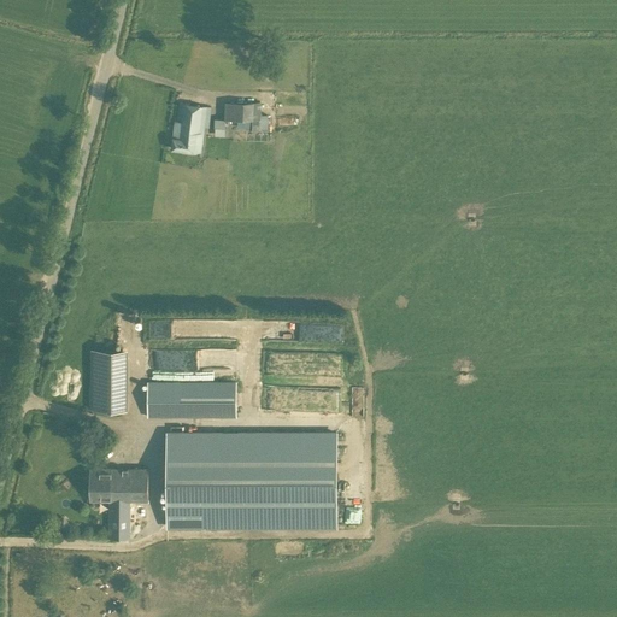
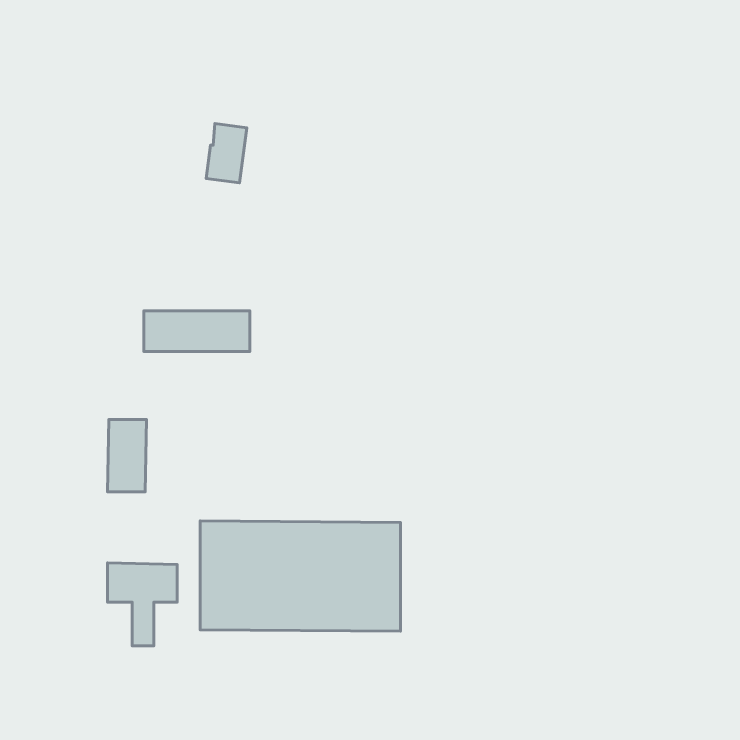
building: [213,102,266,131] -> none
building: [147,383,235,417] -> [144,311,250,351]

